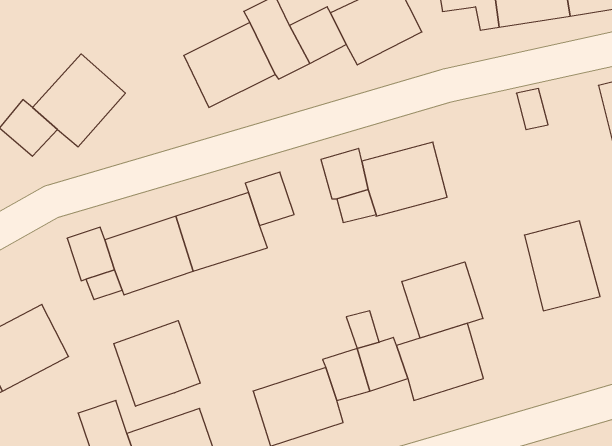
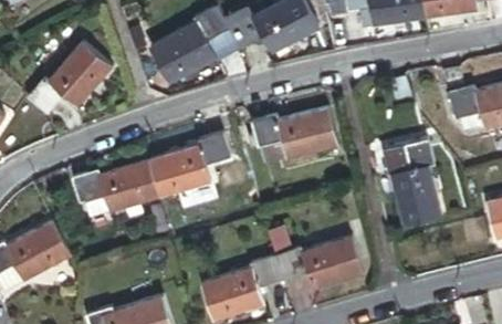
building: none -> [386,137,437,173]
building: [402,262,483,338] -> none
building: [114,321,200,406] -> none

